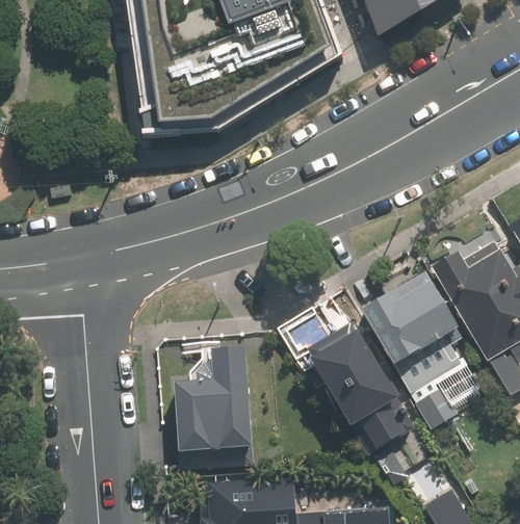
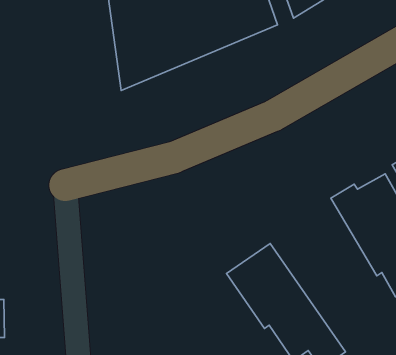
building: [356,270,488,430] -> none
building: [172,348,253,462] -> none

